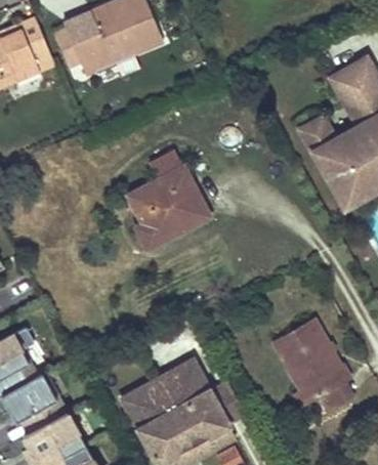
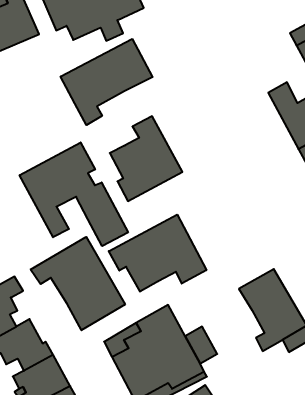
building: none -> [61,39,153,125]
building: none -> [20,142,128,246]
building: none -> [109,215,206,292]
building: none -> [31,237,125,330]

